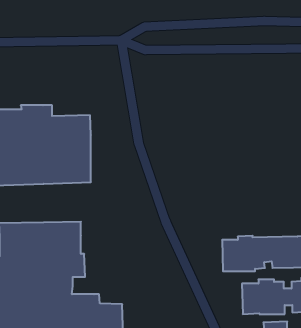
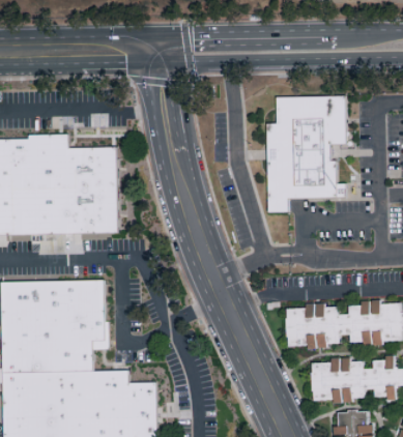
building: none -> [266,93,346,210]

